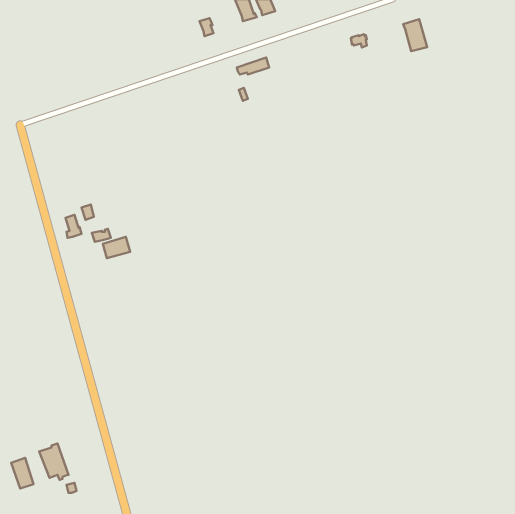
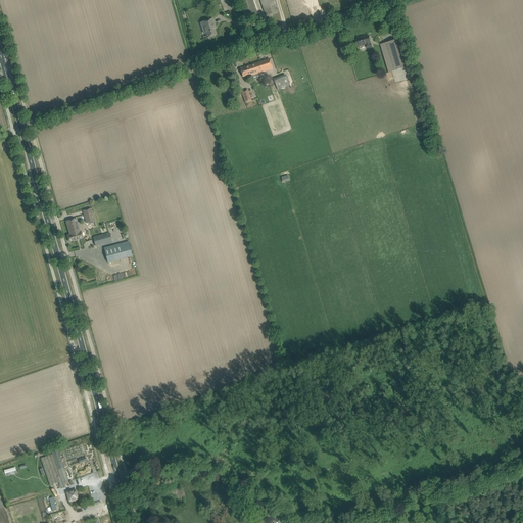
building: [403,19,427,51] -> [380,39,405,72]
building: [11,458,34,488] -> none

